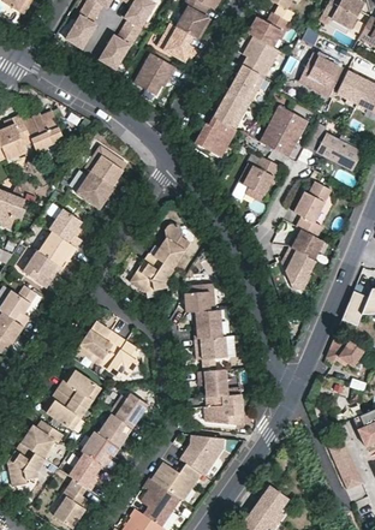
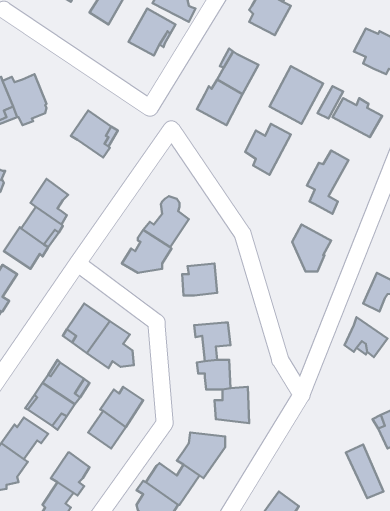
building: [298,54,344,100] -> none
building: [232,66,266,105] -> none
building: [75,172,114,209] -> none
building: [288,230,323,261] -> none
building: [192,309,221,338] -> none
building: [82,433,119,469] -> none

